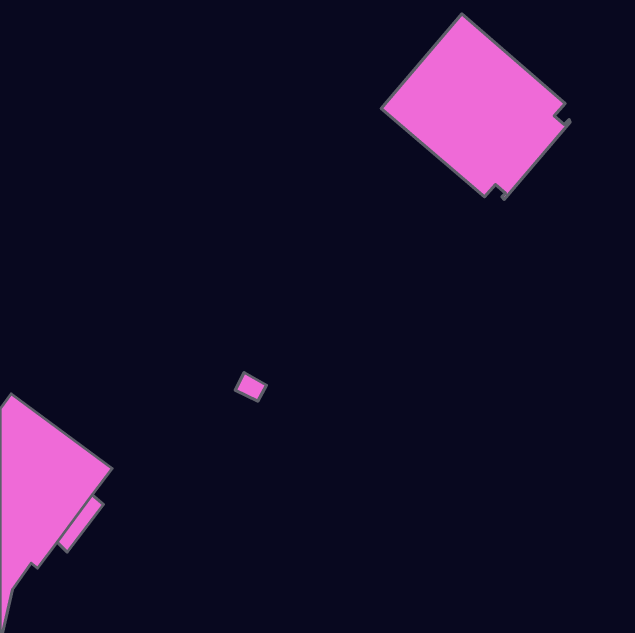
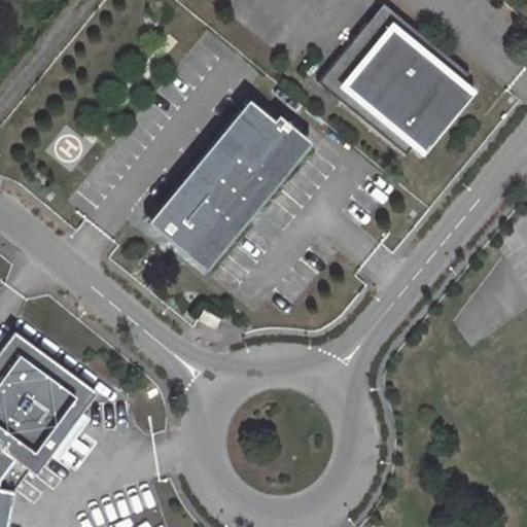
building: none -> [156,102,306,264]

